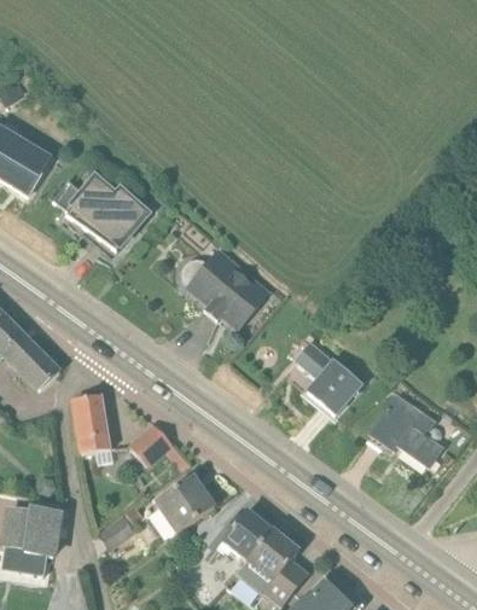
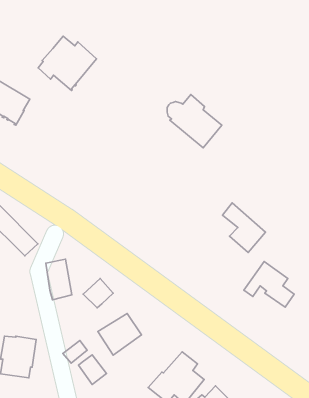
building: [60,176,147,257] -> [38,36,97,91]
building: [184,249,264,329] -> [167,94,222,148]
building: [296,341,360,414] -> [222,203,265,253]
building: [222,510,275,563] -> none
building: none -> [79,355,106,384]

